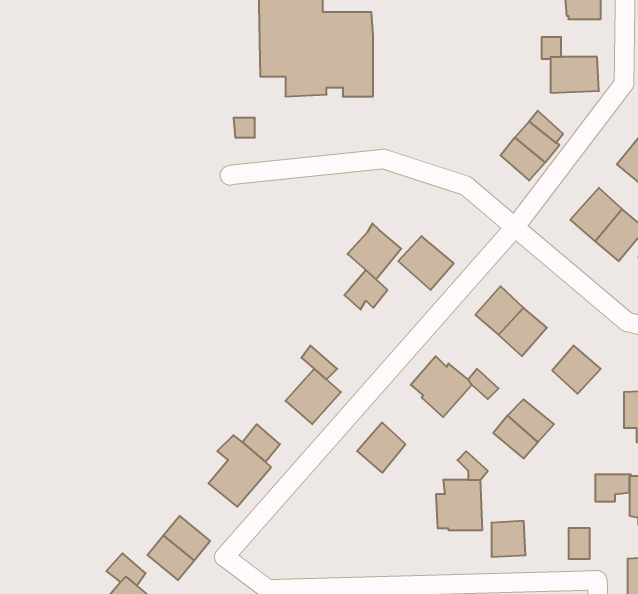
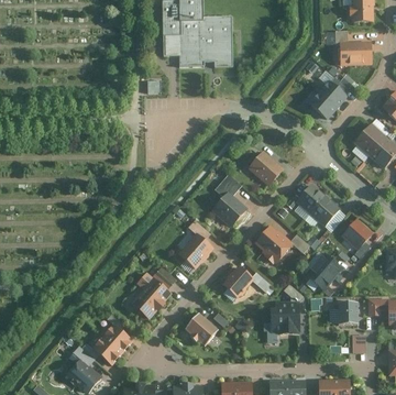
building: [347,223,401,279] -> [212,193,245,227]
building: none -> [185,312,218,344]
building: [491,521,526,557] -> [338,301,359,323]

